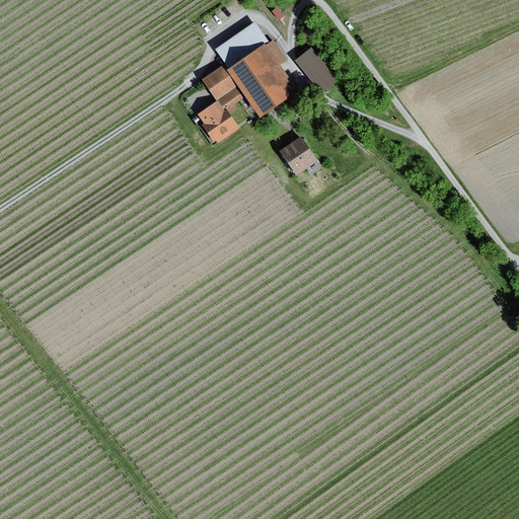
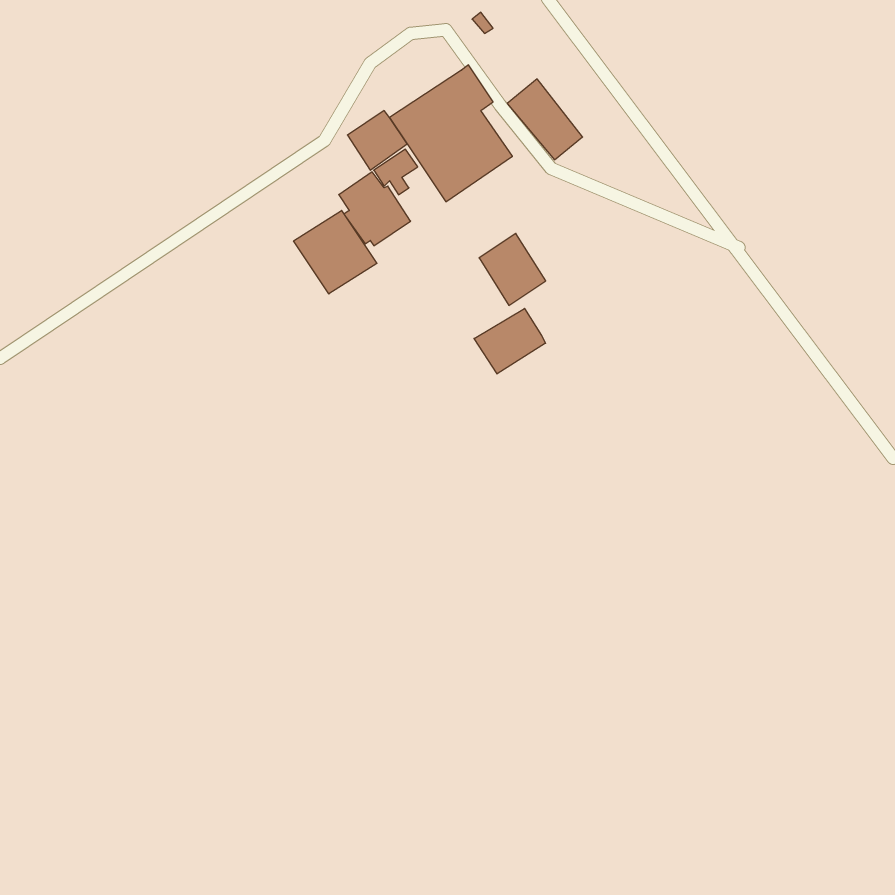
building: [213,20,268,68] -> none
building: none -> [294,210,377,294]
building: none -> [474,308,546,374]

